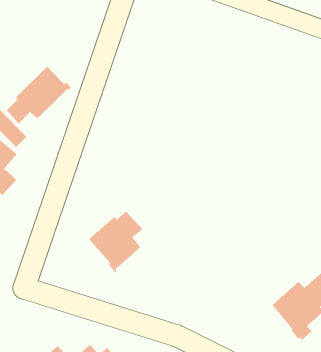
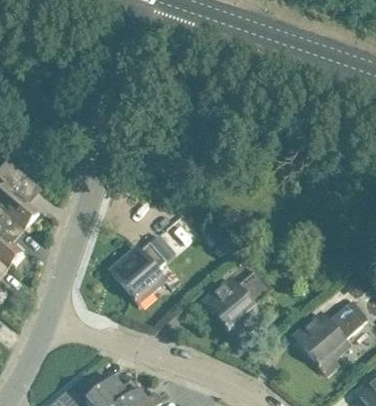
building: [6,66,72,125] -> none
building: none -> [204,270,271,340]

